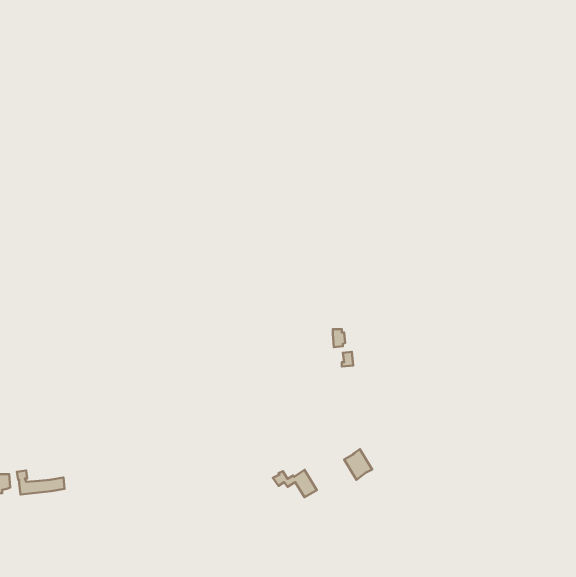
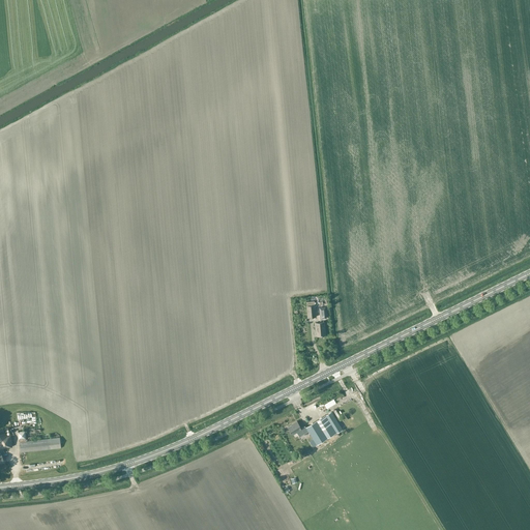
building: [273,470,317,497] -> [286,421,326,446]

